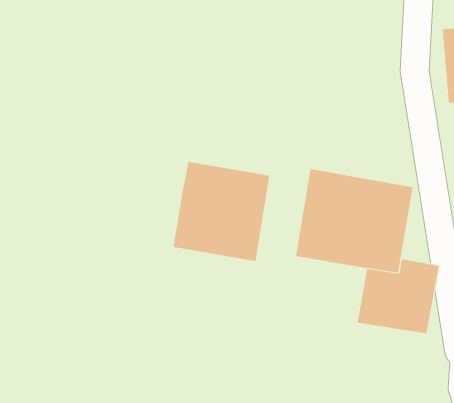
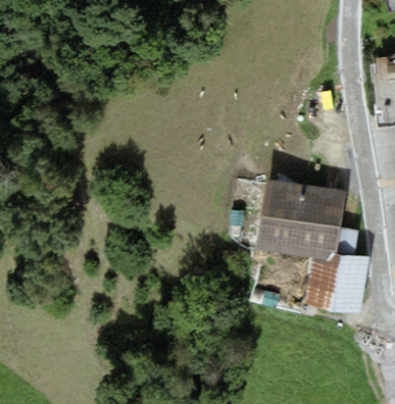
building: [173,161,270,262] -> none

